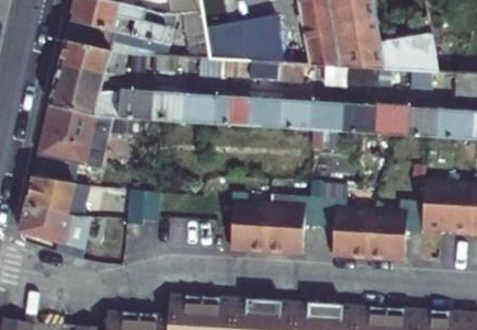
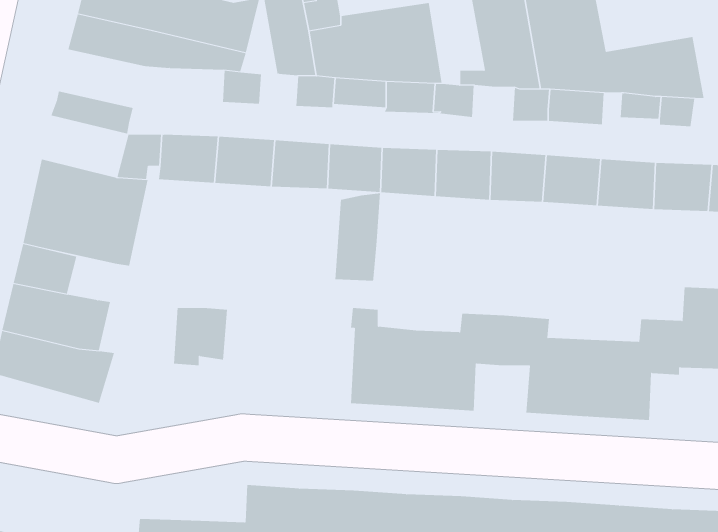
building: [59,41,124,75] -> none
building: [49,79,100,115] -> none
building: none -> [335,193,380,282]

